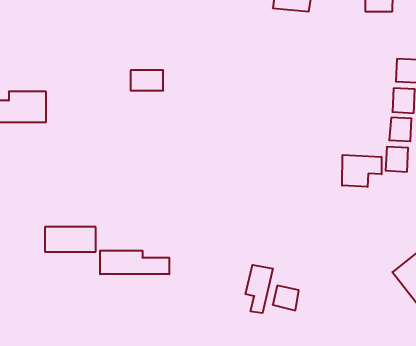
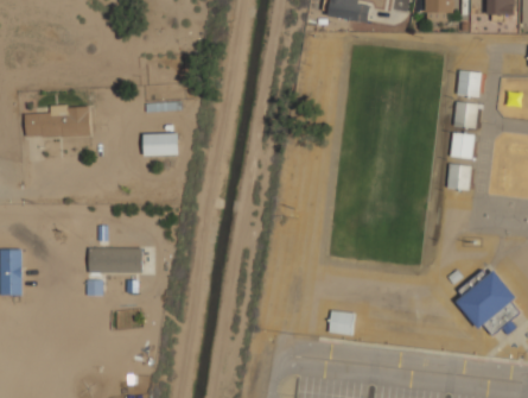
building: [131,70,163,91] -> [144,133,178,154]
building: [342,155,382,187] -> none
building: [100,251,169,274] -> none
building: [245,265,273,313] -> none

